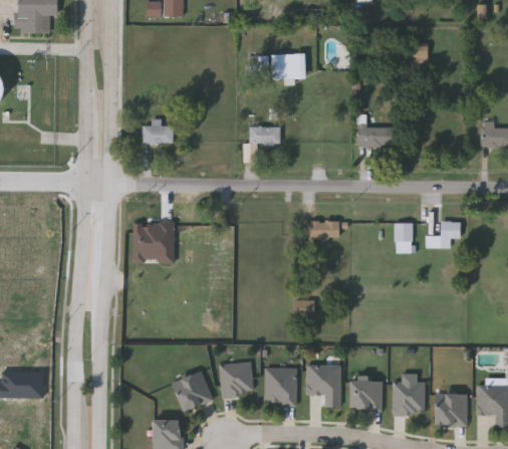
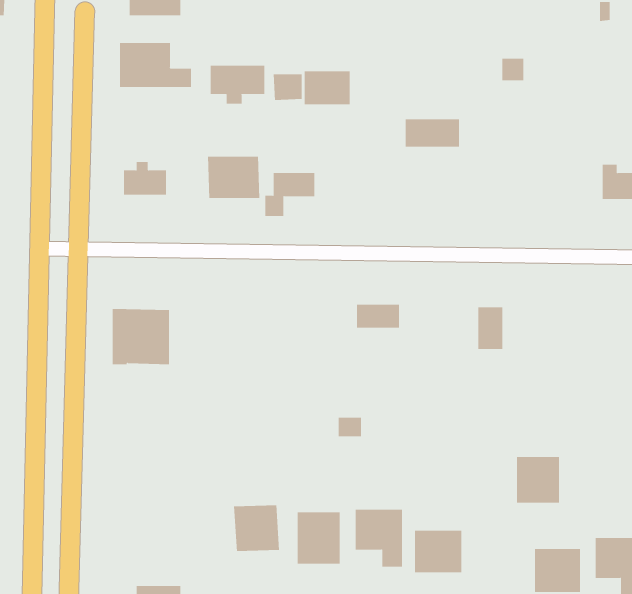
building: none -> [119,42,192,88]
building: none -> [210,65,265,105]
building: none -> [207,156,260,199]
building: [356,126,396,146] -> [405,119,460,147]
building: [425,221,459,247] -> none
building: [171,372,211,411] -> none
building: [394,382,425,415] -> [516,456,560,503]

